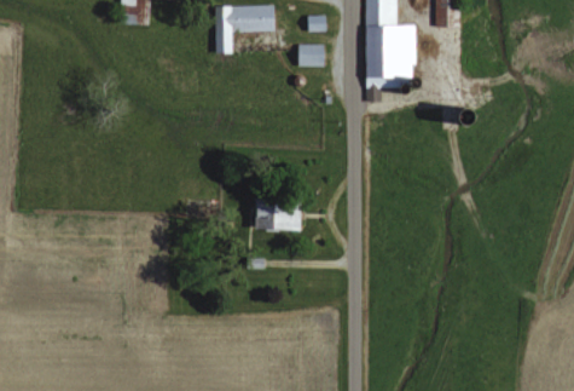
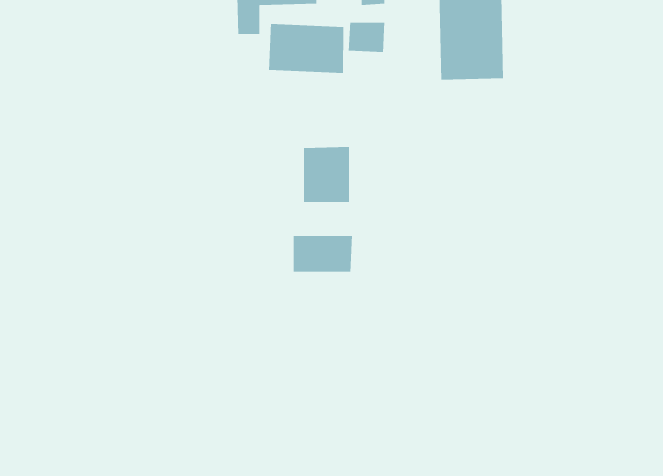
building: none -> [268,23,344,74]
building: none -> [303,146,350,203]

